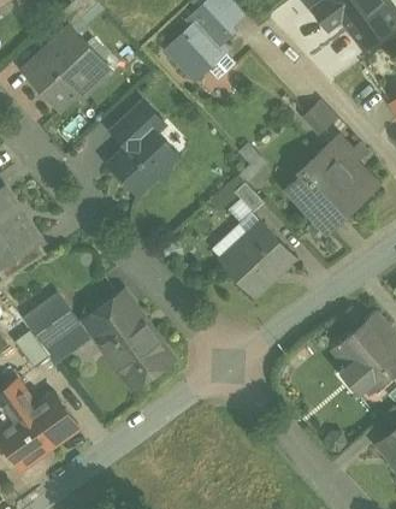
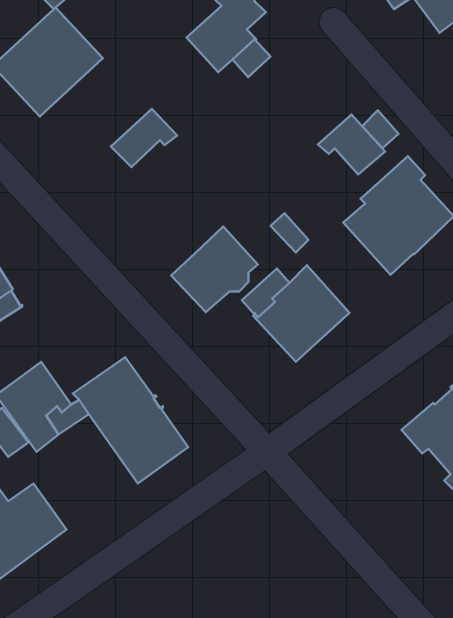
building: none -> [318,114,385,175]
building: [110,128,176,193] -> [171,227,258,312]

